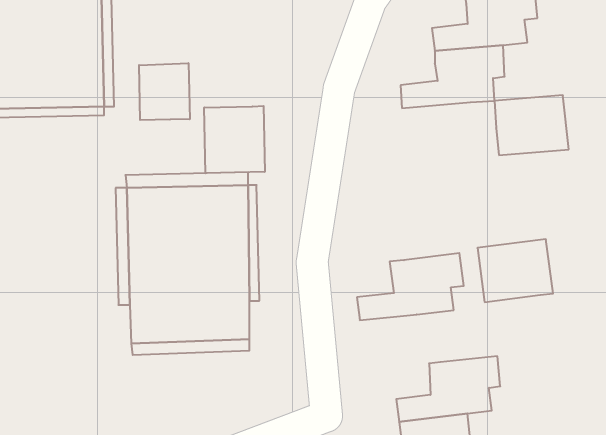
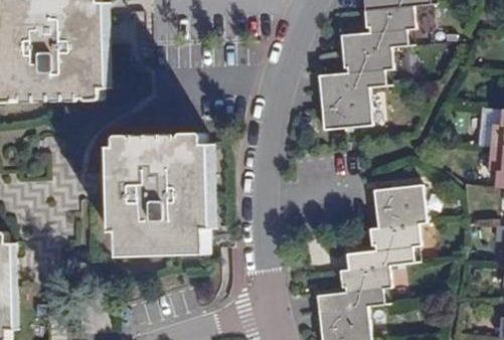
building: [139,63,190,120] -> none
building: [495,95,569,155] -> [319,84,371,127]
building: [204,106,265,173] -> none
building: [357,253,464,320] -> [344,220,419,268]

